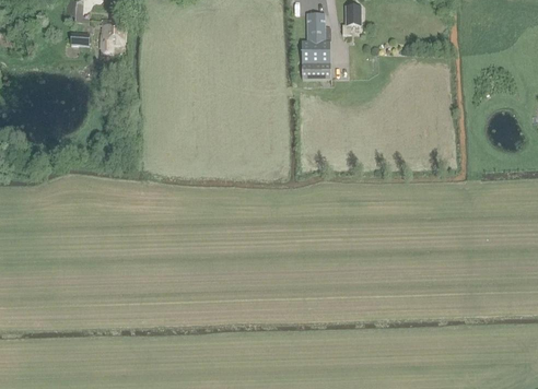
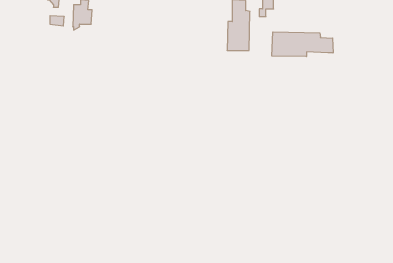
building: none -> [272,32,333,57]

